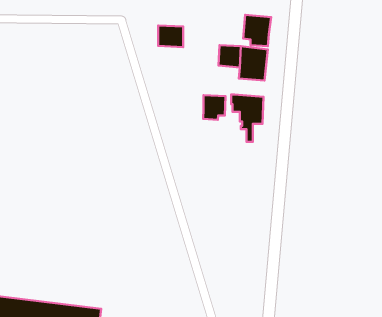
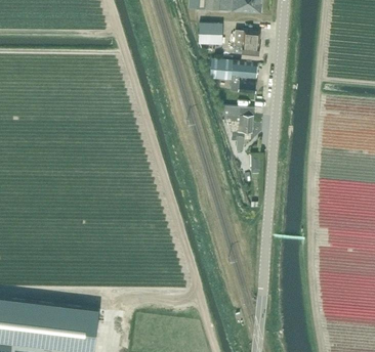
building: [158,25,183,47] -> [198,23,221,43]
building: [203,95,226,120] -> none

